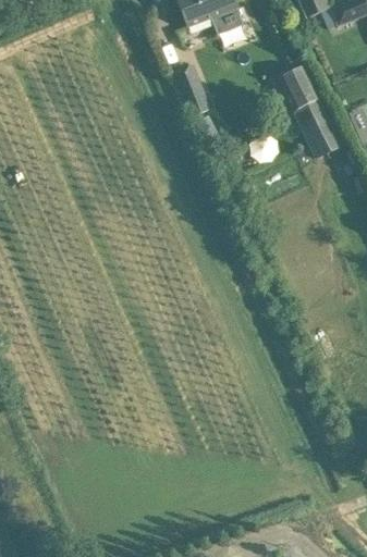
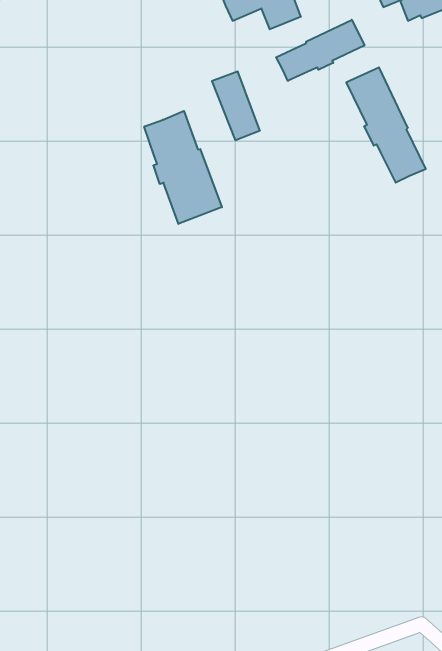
building: none -> [276,20,364,81]
building: none -> [144,111,222,224]

